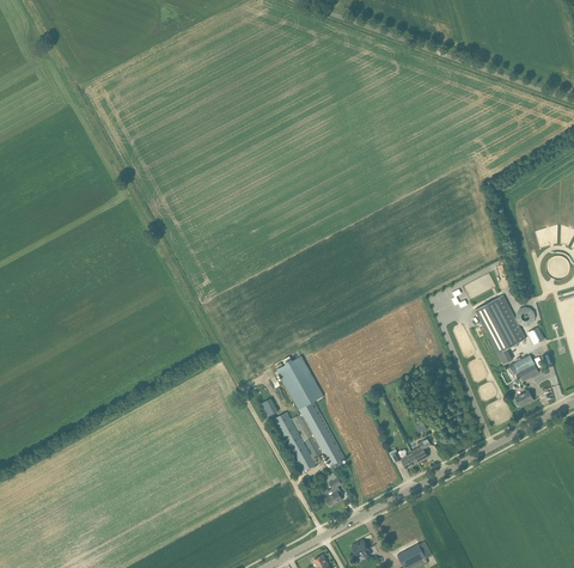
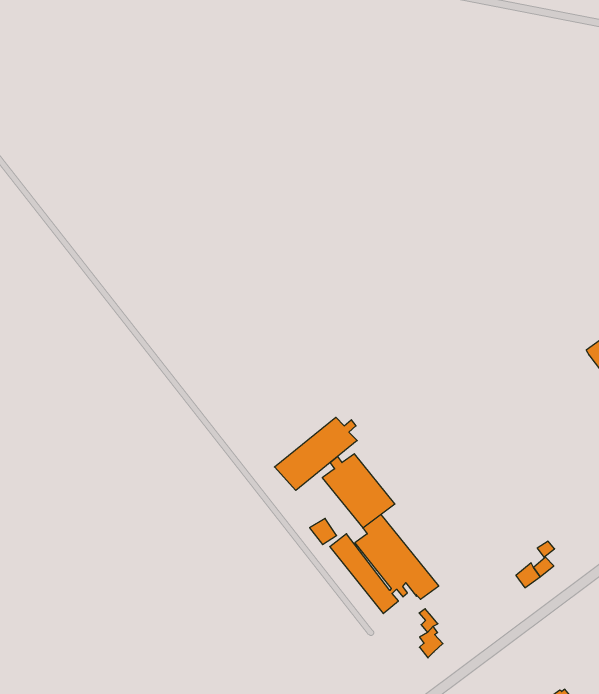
building: none -> [274,417,357,490]

